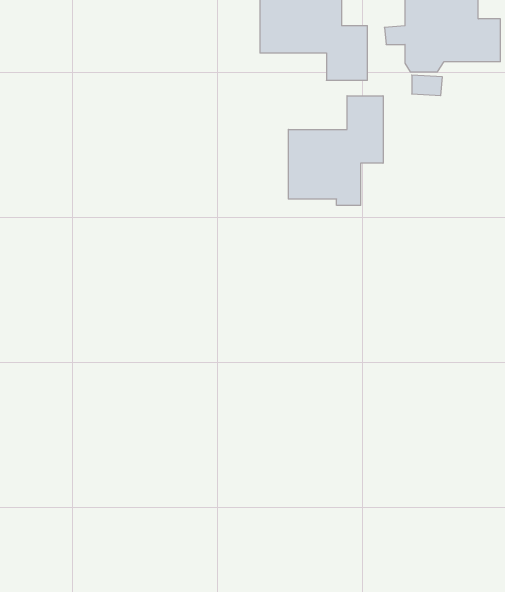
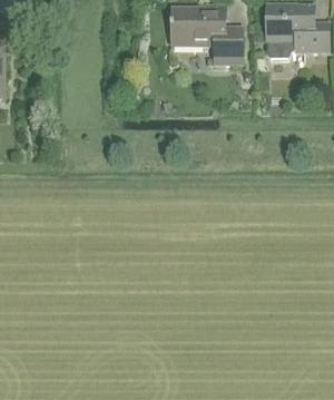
building: [288,96,383,205] -> none

